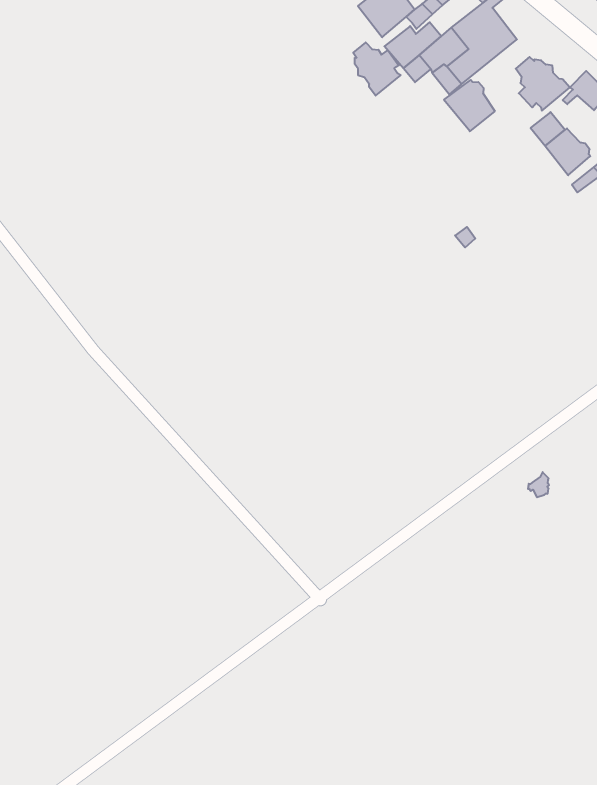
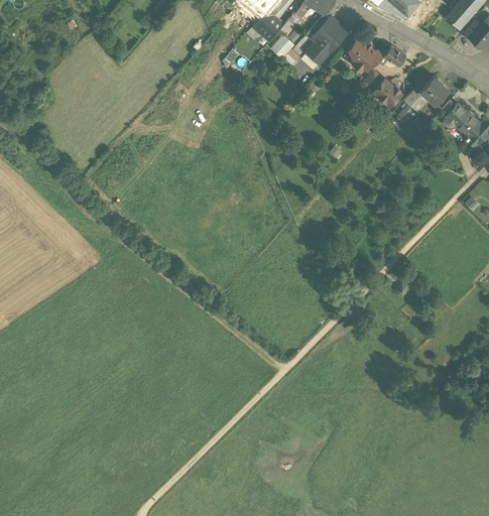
building: [353,42,401,96] -> none
building: [444,80,495,131] -> none

